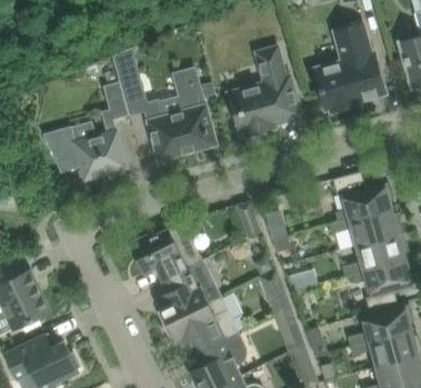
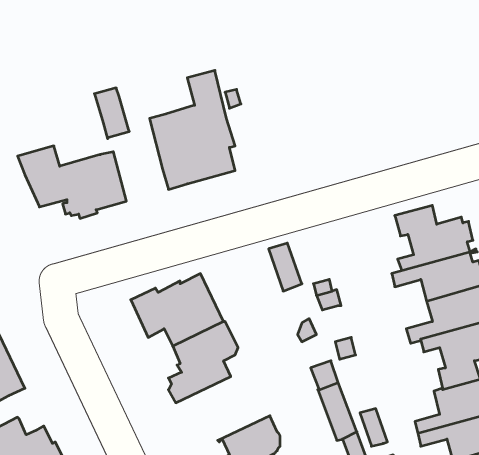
building: [314,24,385,113] -> none
building: [112,49,140,89] -> none
building: [229,49,299,136] -> none
building: [164,297,237,352] -> none

